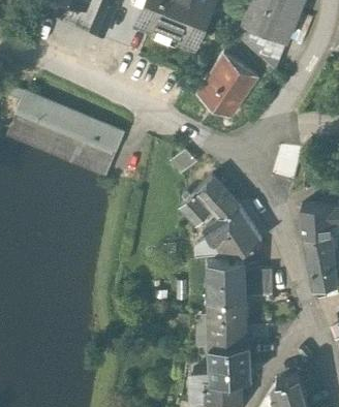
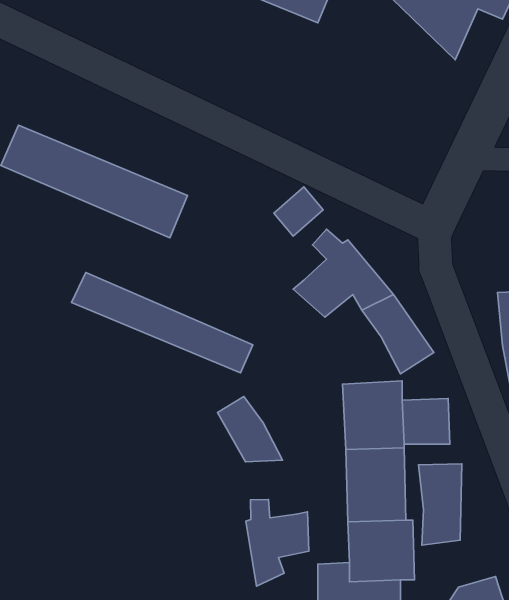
building: [196,53,258,116] -> none
building: [18,90,124,149] -> [72,272,253,373]
building: [204,216,242,254] -> [217,397,283,462]
building: none -> [419,464,462,545]
building: none -> [246,499,309,586]

